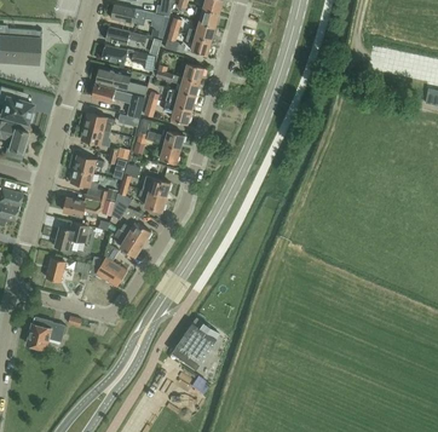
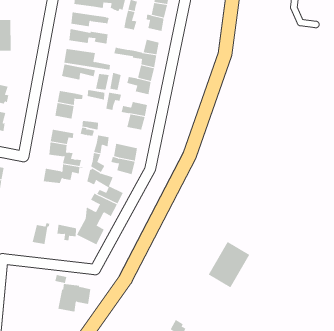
building: [54,221,90,250] -> none
building: [27,317,65,350] -> [57,283,91,312]
building: [172,317,220,369] -> [208,241,250,288]

